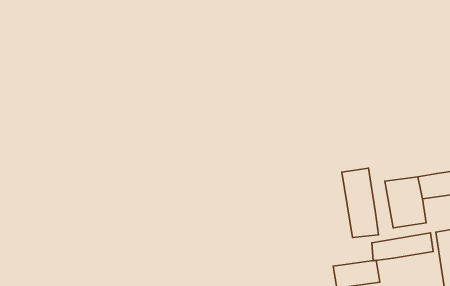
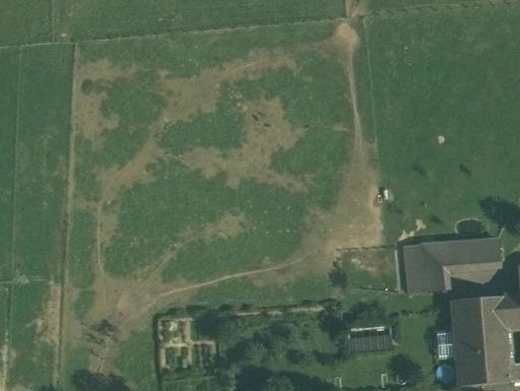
building: [342,168,379,238] -> none
building: [372,233,433,261] -> none

